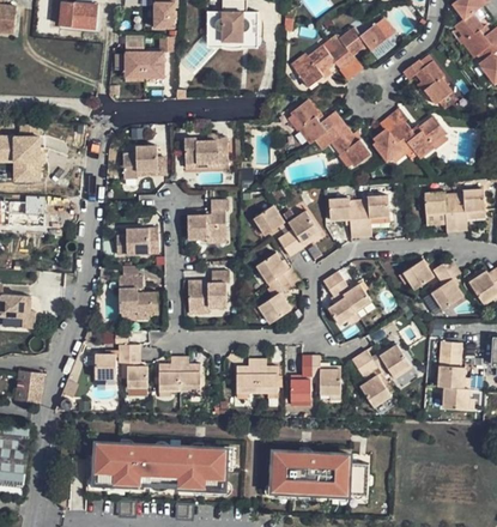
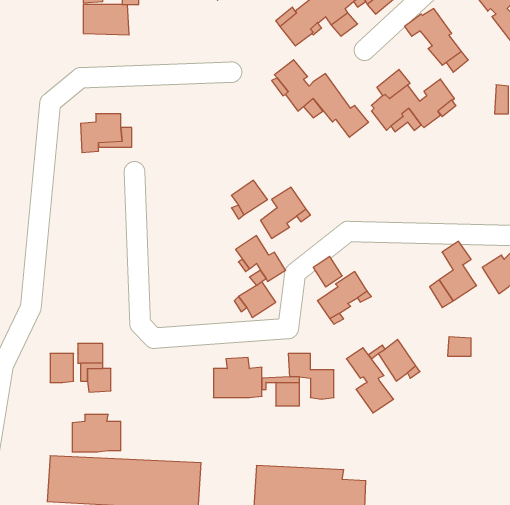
building: [183,138,228,169] -> none
building: [424,188,484,229] -> none
building: [328,194,389,235] -> none
building: [186,201,228,238] -> none
building: [117,229,159,255] -> none
building: [404,258,436,289] -> none
building: [188,273,230,311] -> none
building: [120,277,159,316] -> none
building: [159,357,201,389] -> [72,415,121,452]
building: [438,363,469,405] -> none

